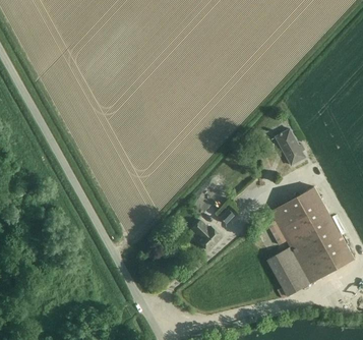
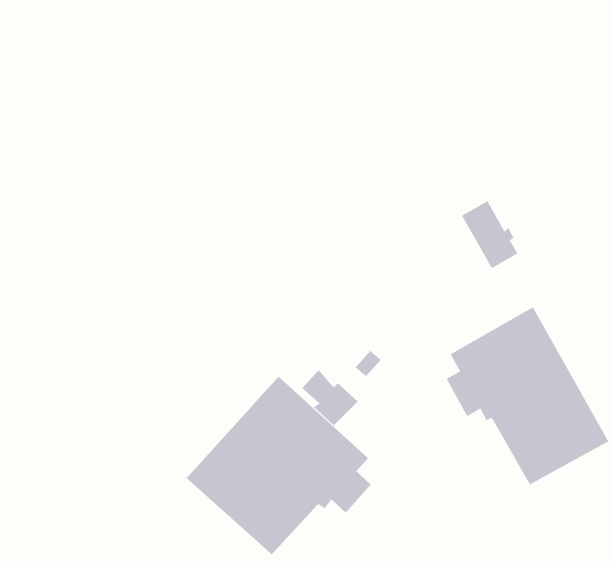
building: none -> [186,376,372,555]
building: [267,246,312,298] -> none

